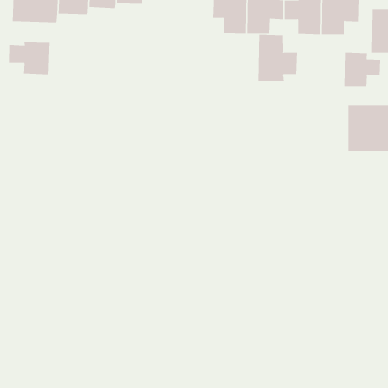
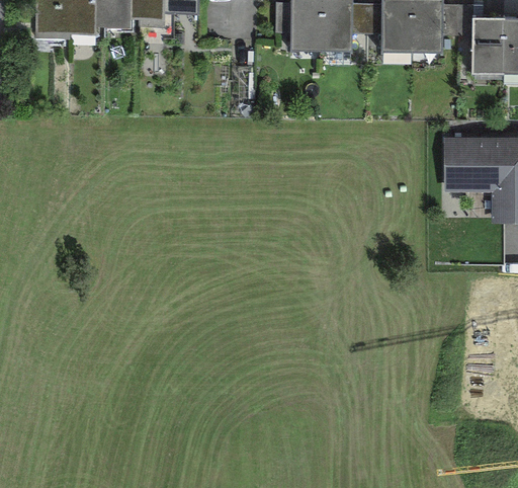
building: [258,34,297,82] -> none
building: [9,41,50,75] -> none
building: [344,52,380,87] -> none

